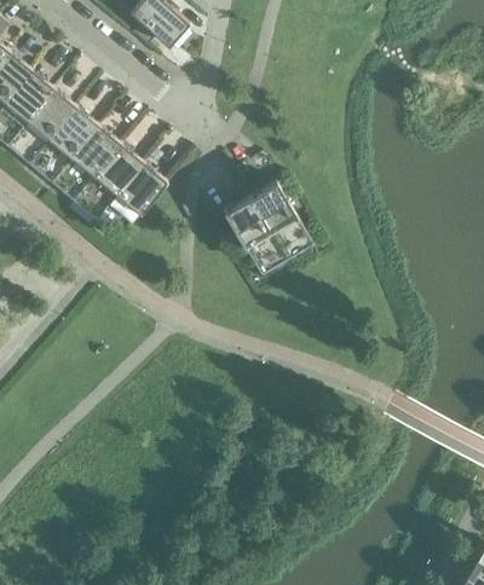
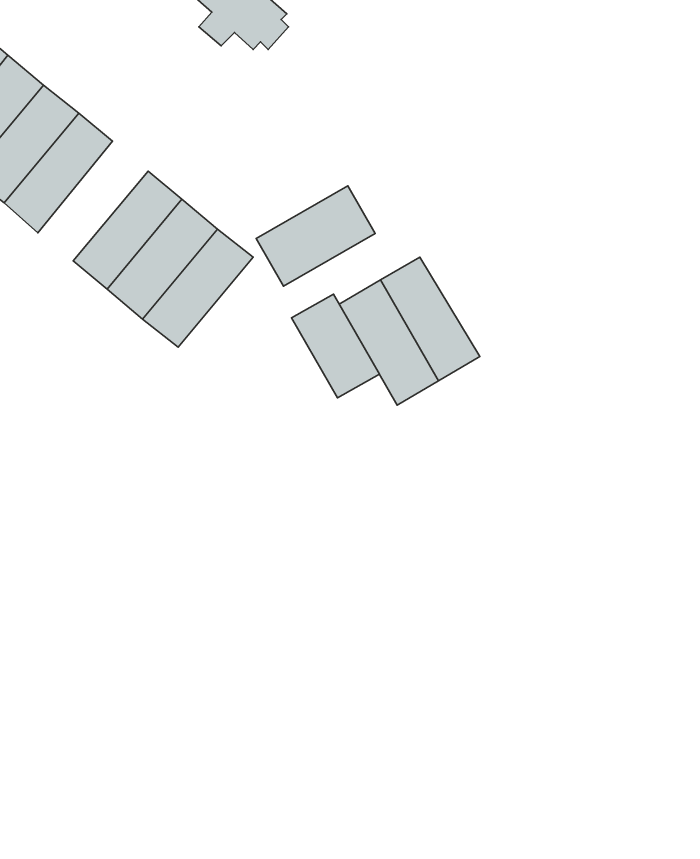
building: [29,105,100,183] -> none
building: none -> [256,186,375,286]
building: none -> [291,294,379,398]

